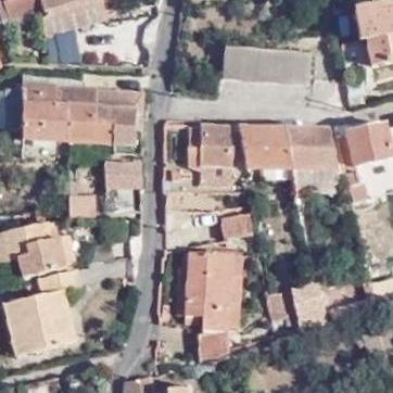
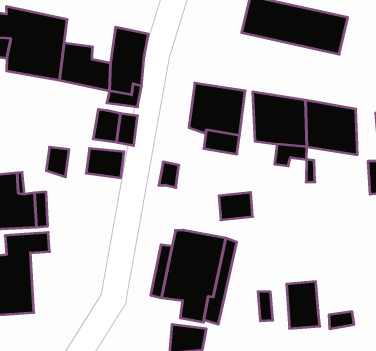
building: [71,84,113,116] -> none

